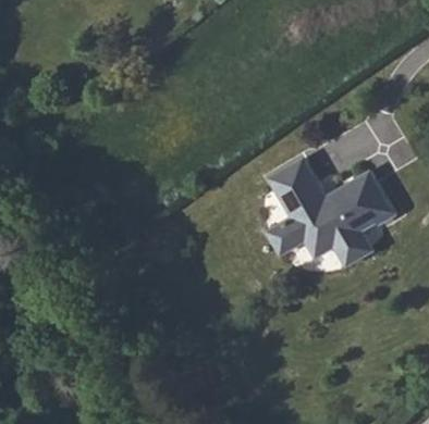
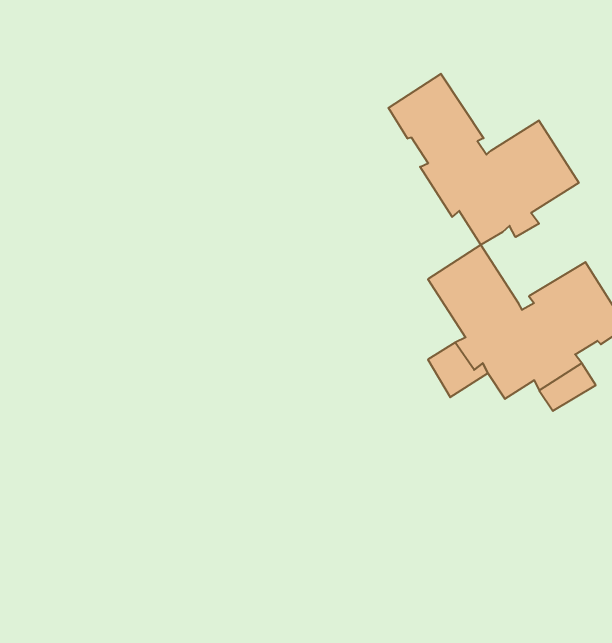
building: none -> [388,74,579,245]

